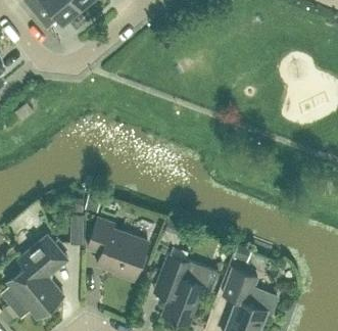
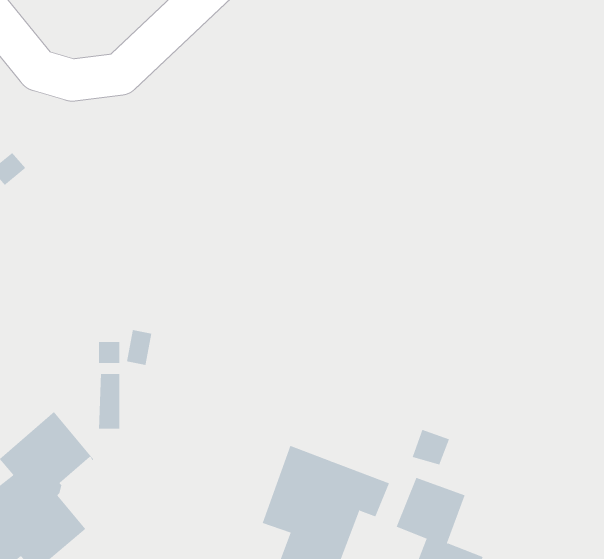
building: [87,219,147,281] -> none

